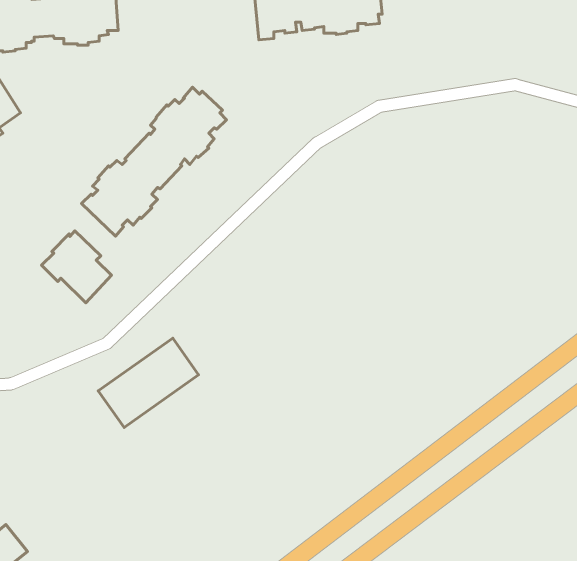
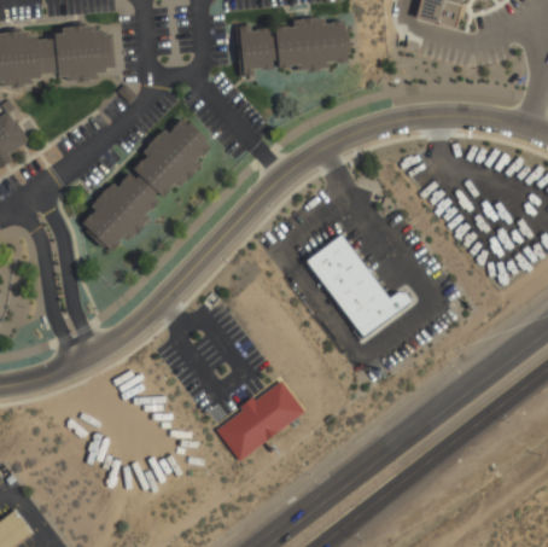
building: none -> [307,234,414,341]
building: [42,231,111,303] -> none
building: [98,338,199,428] -> [216,380,305,460]

